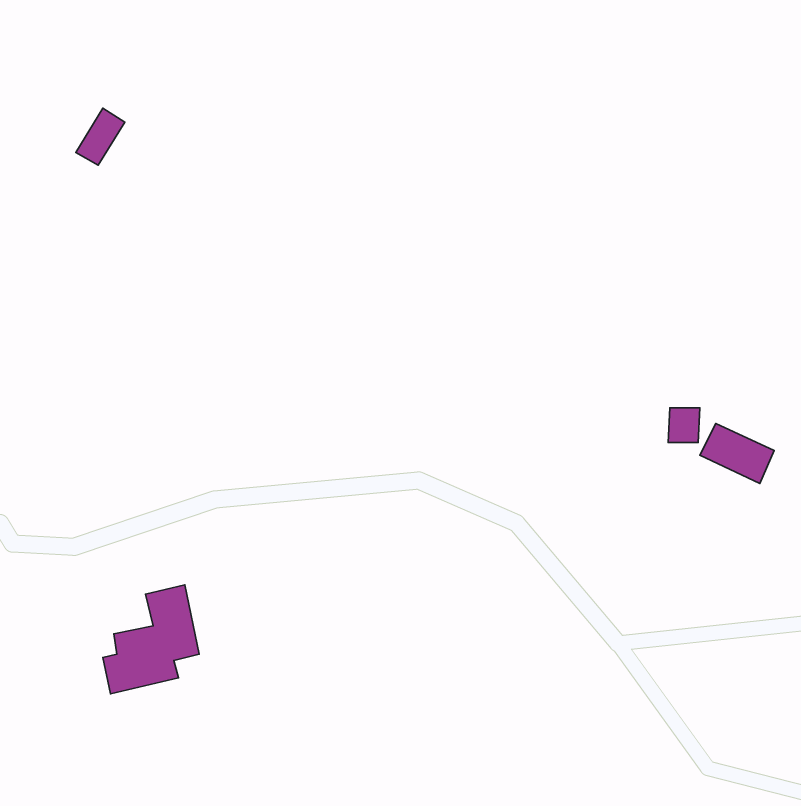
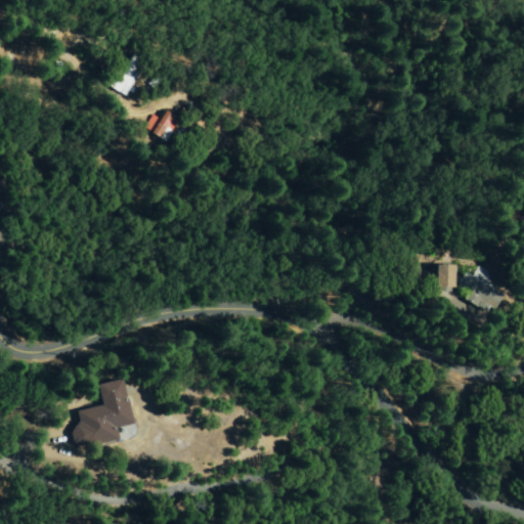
building: [76,108,125,165] -> [113,58,144,95]
building: none -> [146,111,179,140]

